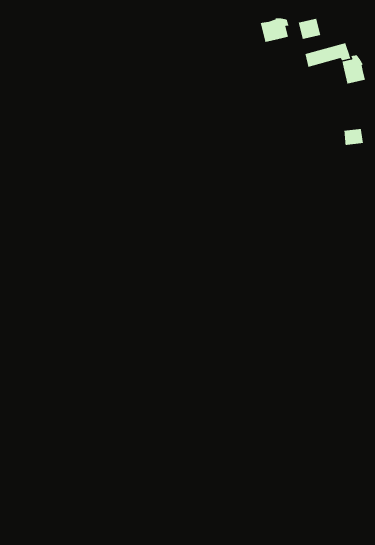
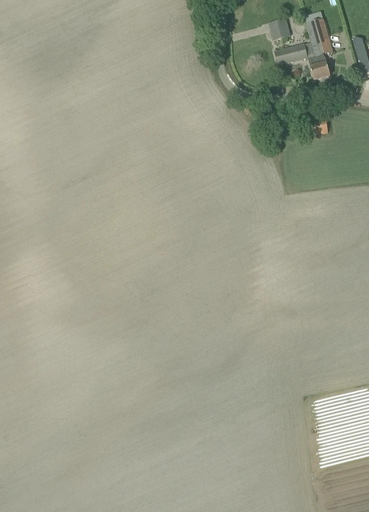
building: none -> [306,18,329,43]
building: [260,17,290,43] -> none

